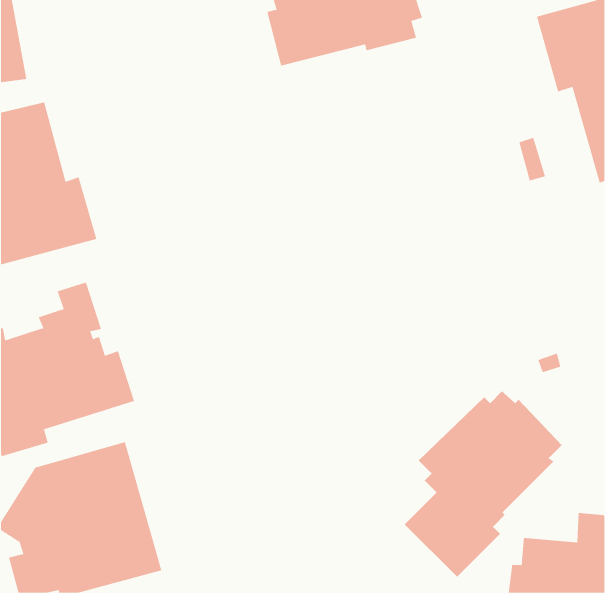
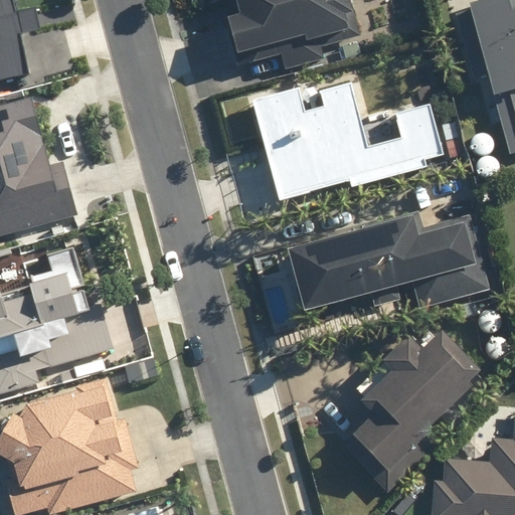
building: none -> [251,87,443,202]
building: none -> [286,209,489,320]

